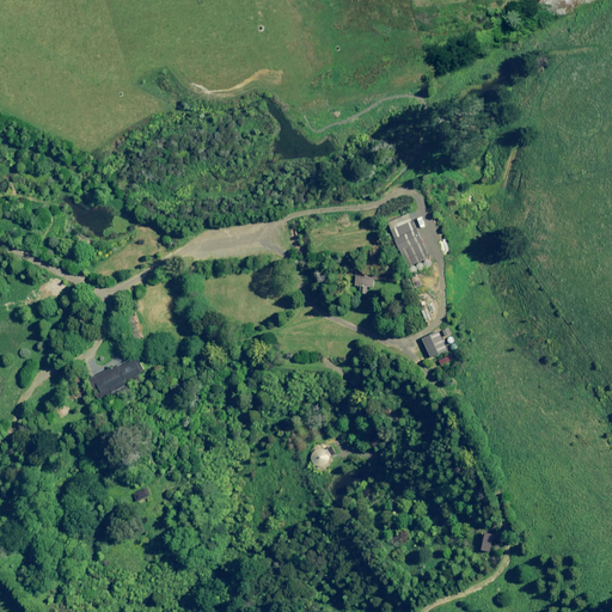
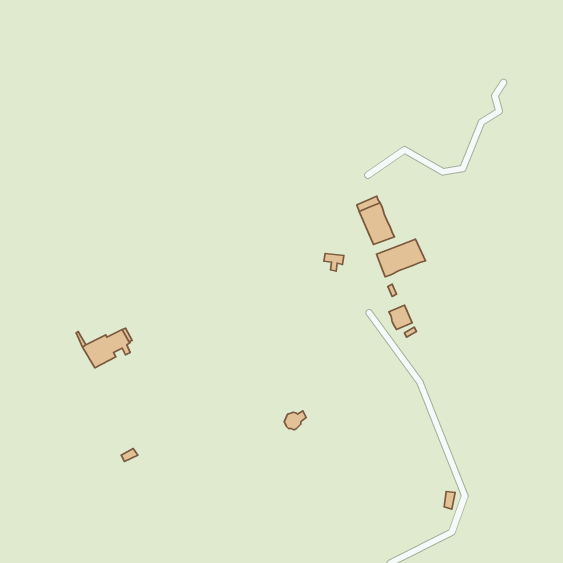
building: none -> [376,239,425,277]

